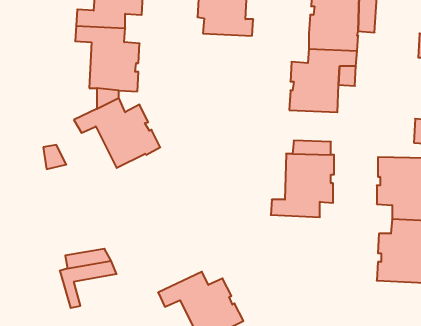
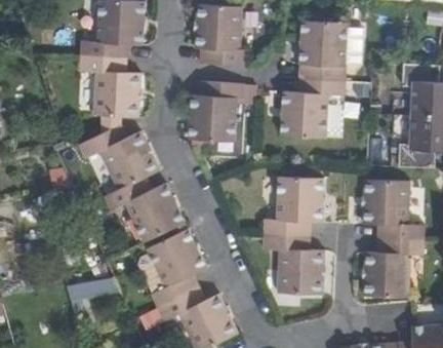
building: none -> [189,81,244,142]
building: none -> [104,177,184,242]
building: none -> [146,228,206,307]
building: none -> [263,234,323,295]

